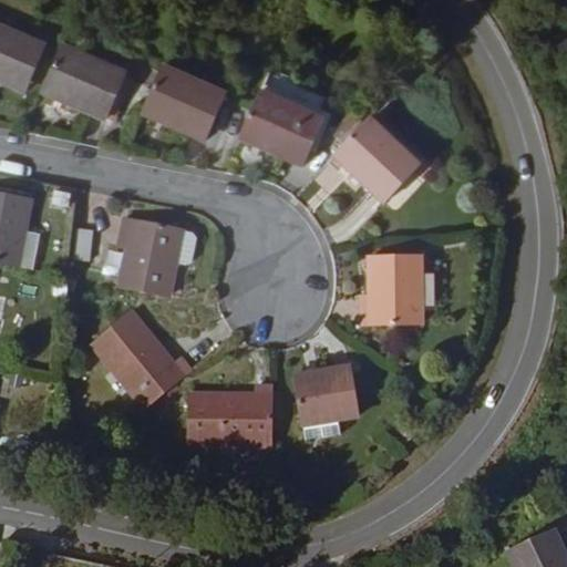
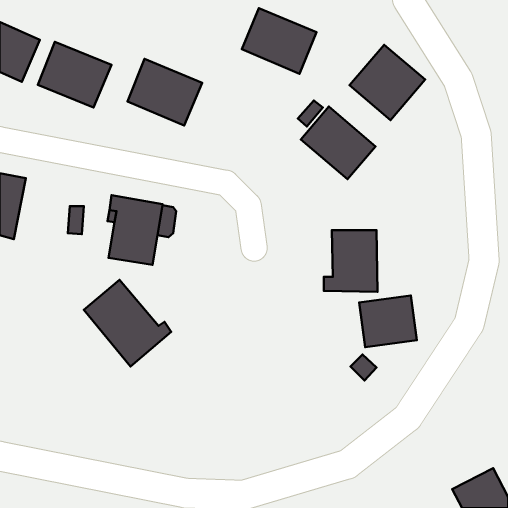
building: none -> [350,45,425,120]
building: [243,90,326,163] -> [242,8,316,74]
building: [292,365,357,423] -> [359,295,417,347]
building: [189,385,272,445] -> none

